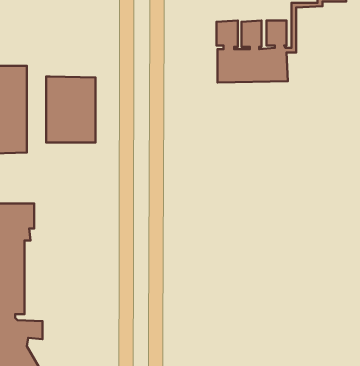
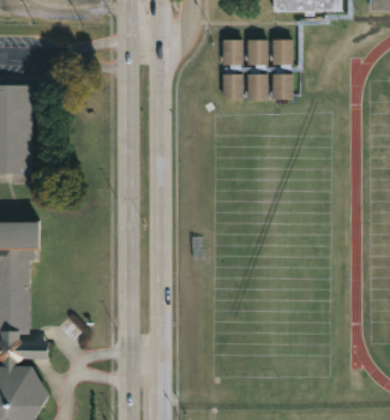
building: [46,76,95,143] -> none

